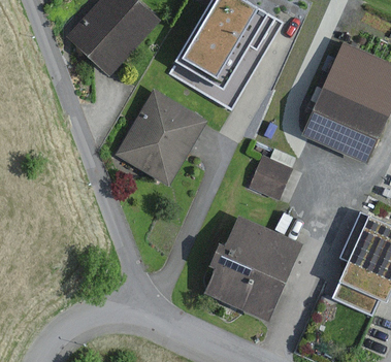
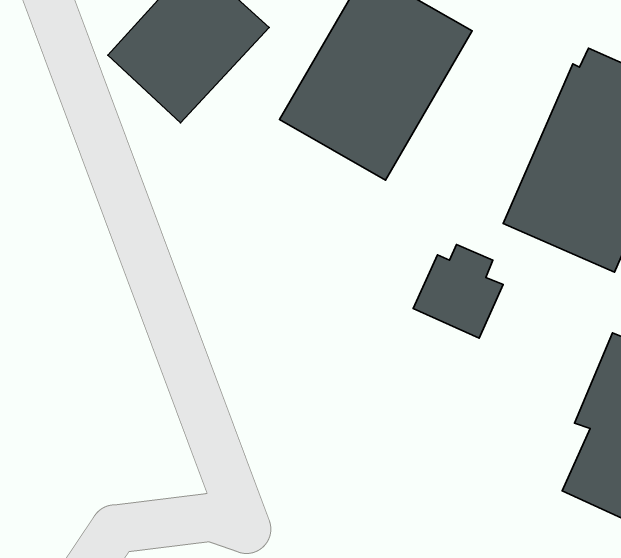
building: [113,89,206,187] -> none
building: [202,216,302,322] -> none

